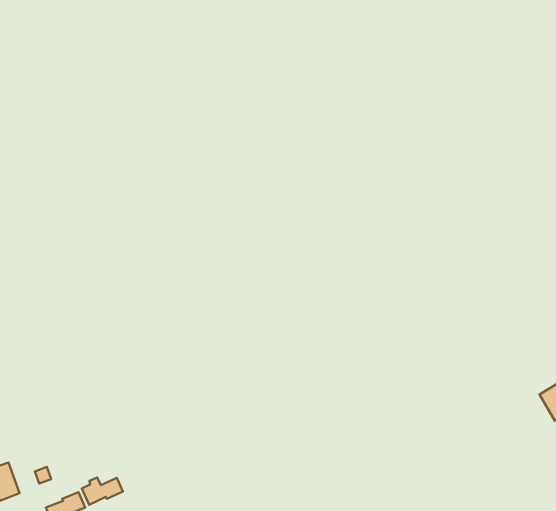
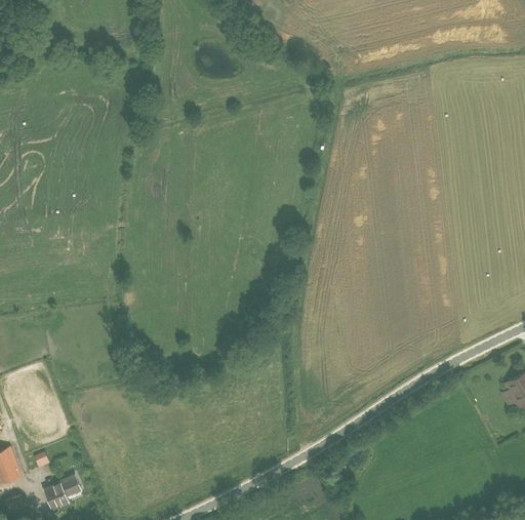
building: [82,478,123,505] -> none

